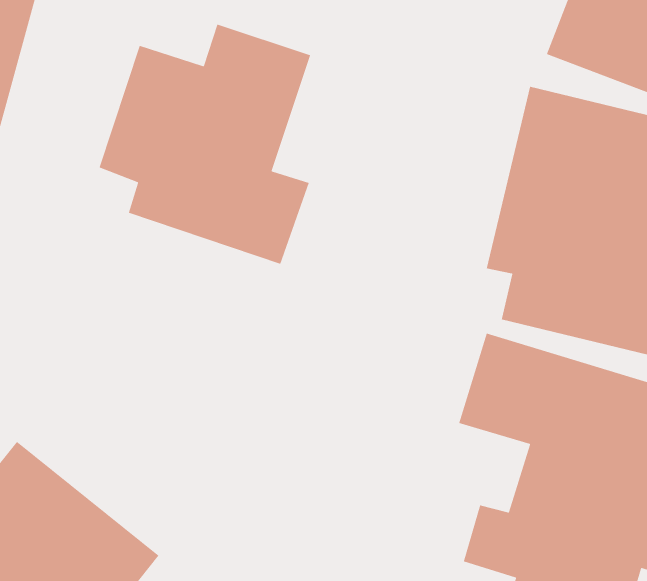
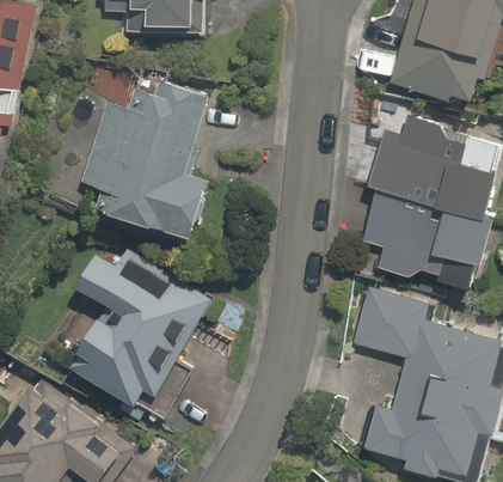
building: none -> [70,250,223,420]

